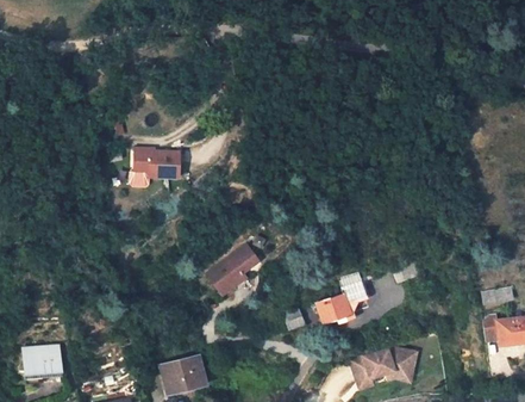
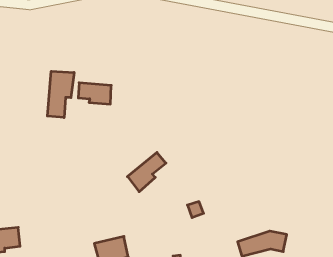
building: none -> [47,71,74,118]
building: [315,280,365,322] -> none

